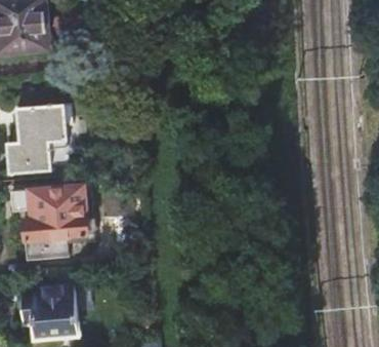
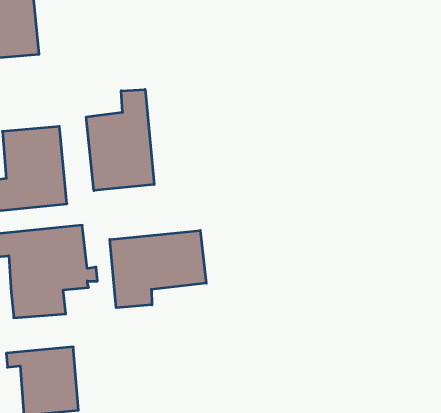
building: none -> [86,89,154,191]
building: none -> [110,230,206,308]

